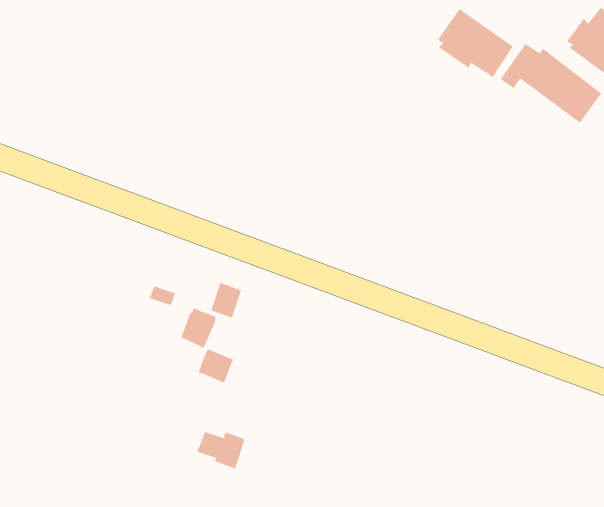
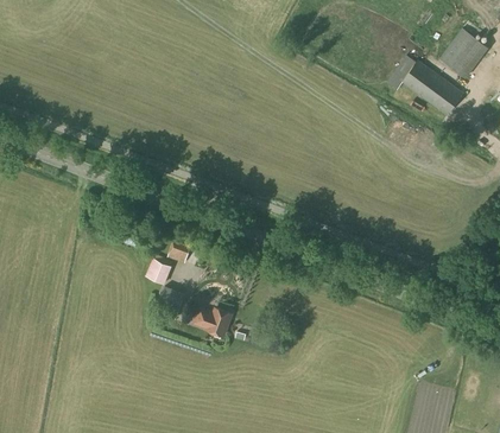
building: [437,8,513,78] -> none
building: [197,431,245,469] -> [194,307,230,336]

